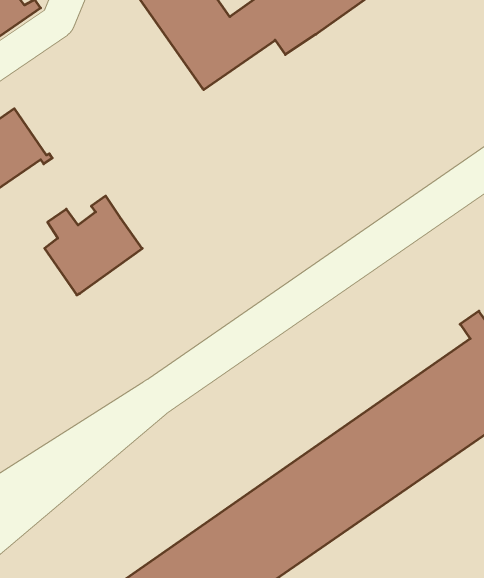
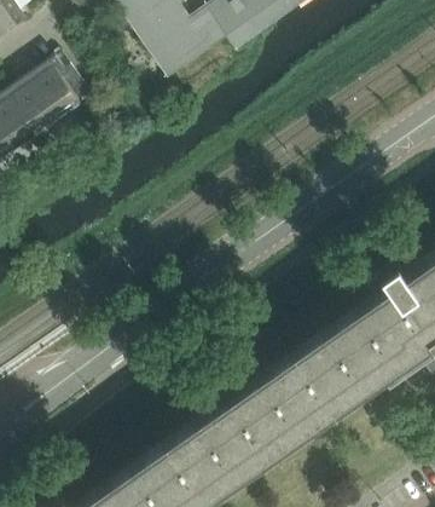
building: [45,196,142,295] -> [14,56,95,138]

